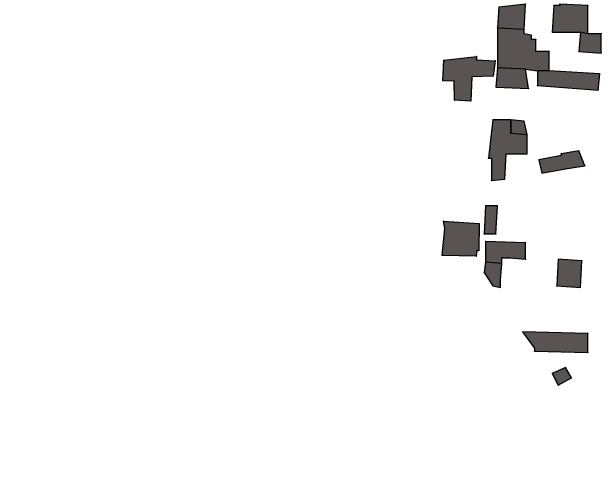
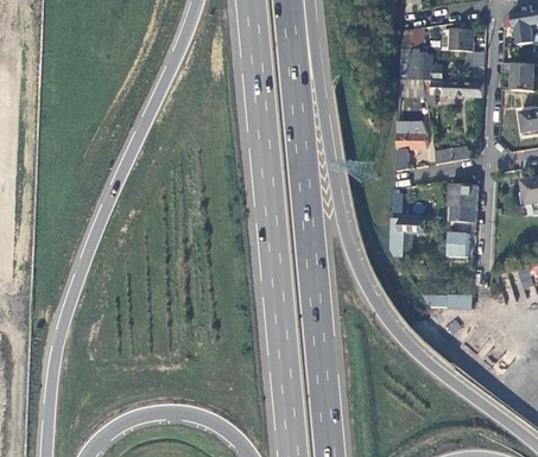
building: [443,56,495,101] -> none
building: none -> [449,184,477,223]
building: [442,221,479,256] -> none

